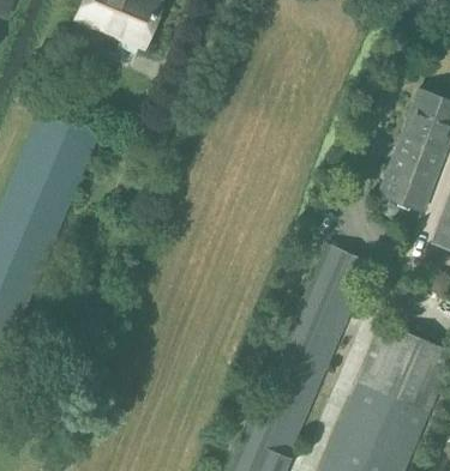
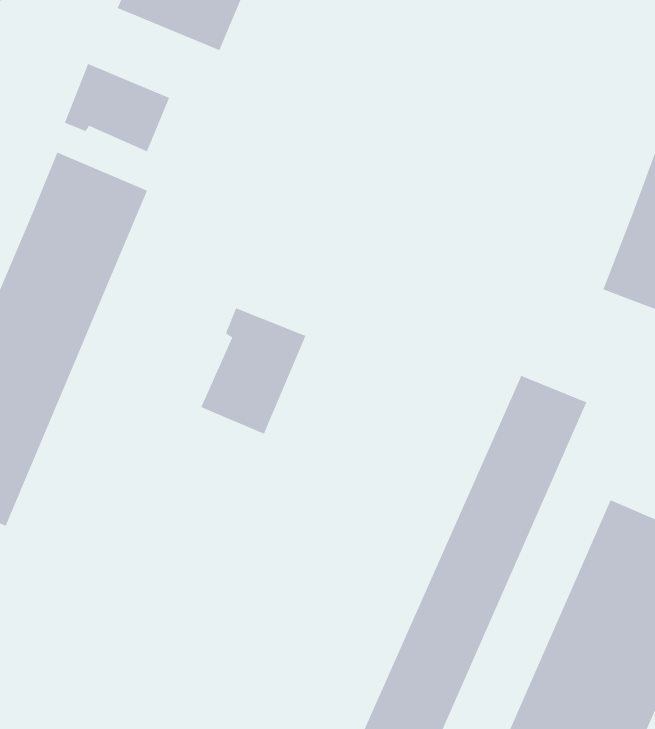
building: none -> [64,63,170,152]
building: none -> [200,307,306,435]

